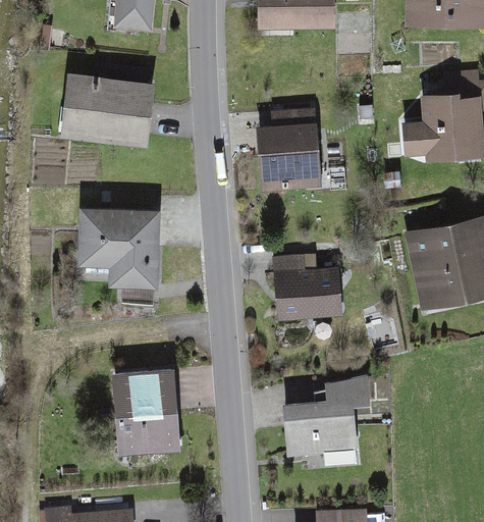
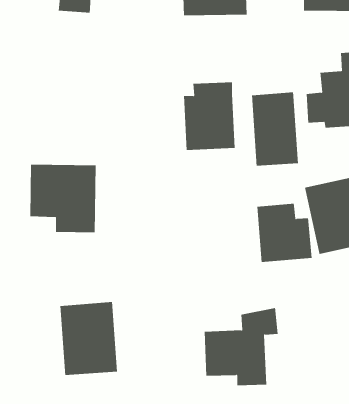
building: [57,70,152,144] -> none
building: none -> [251,92,298,166]
building: [273,251,339,321] -> [257,203,312,262]

